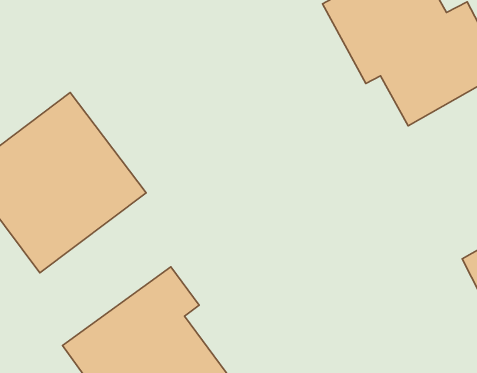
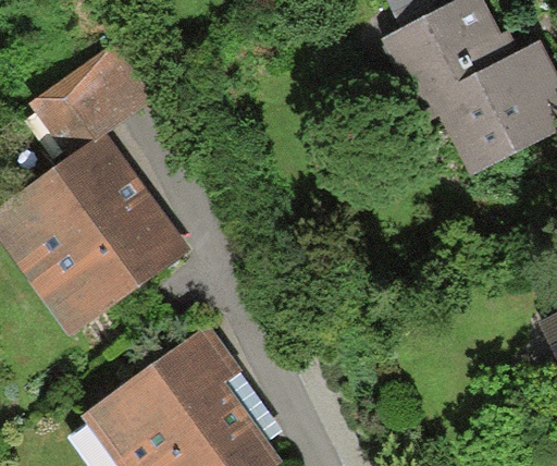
building: none -> [52,45,150,140]

